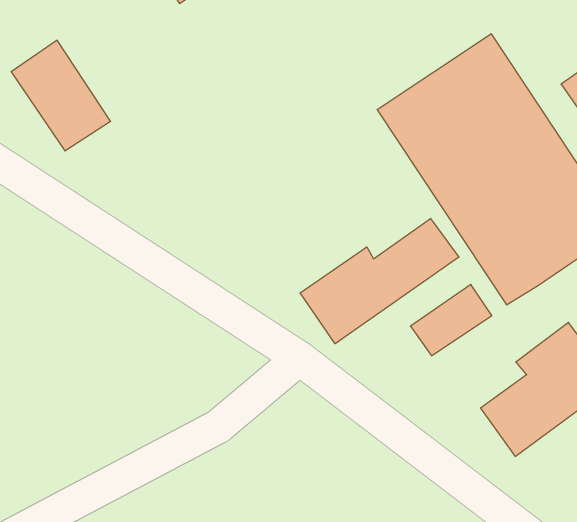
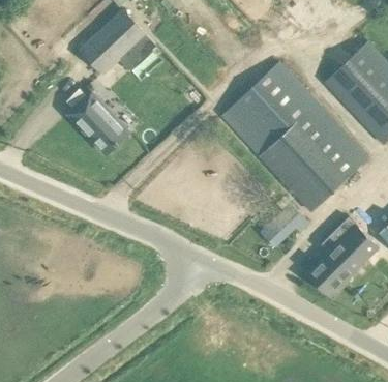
building: [11,40,111,151] -> [68,92,128,153]
building: [300,218,459,344] -> none

